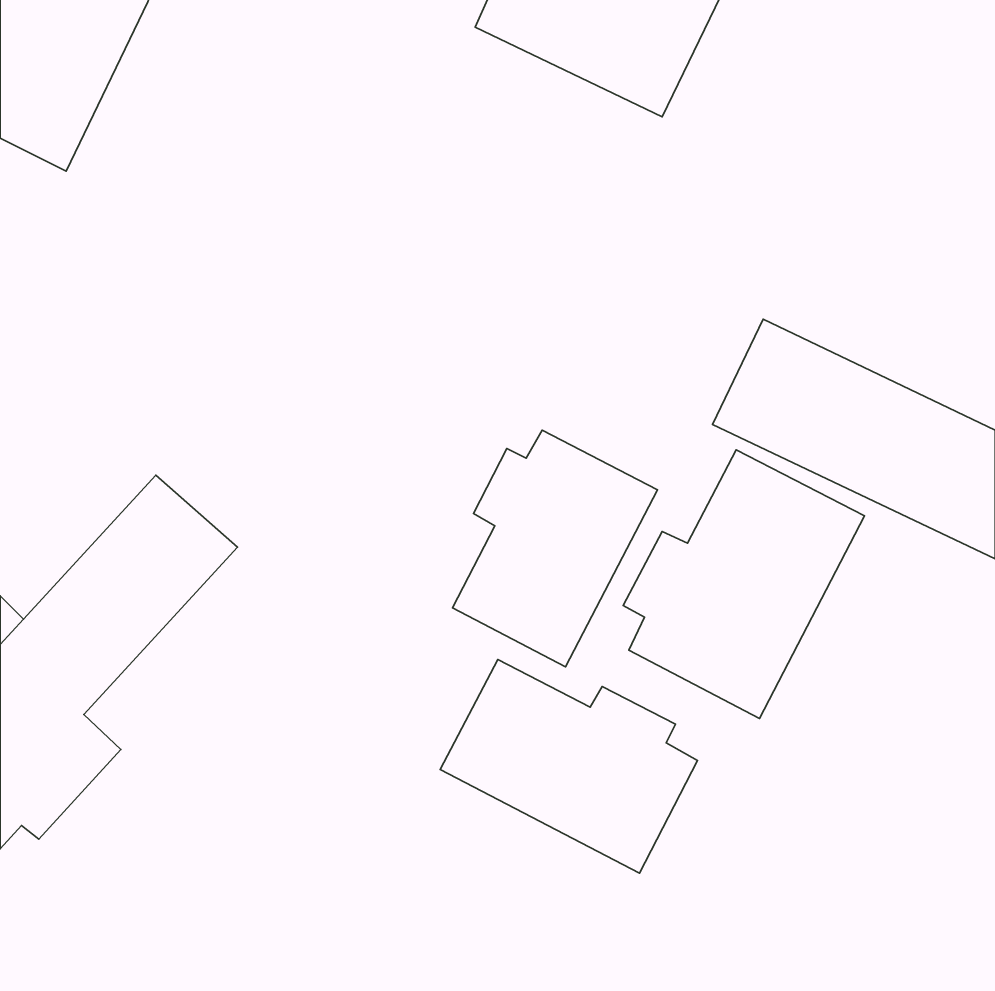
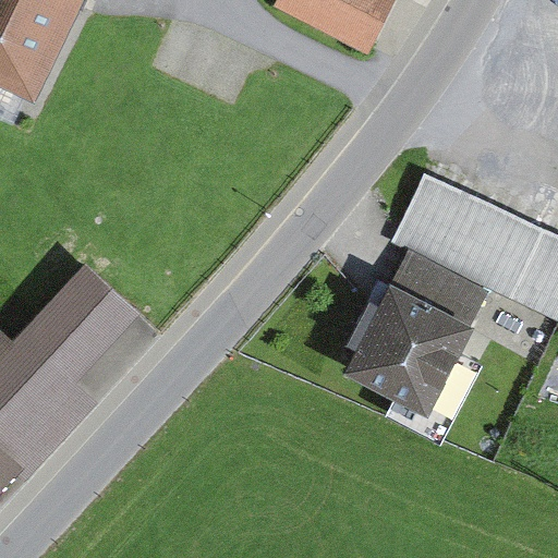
building: [452,430,657,667] -> none
building: [440,660,698,873] -> none

